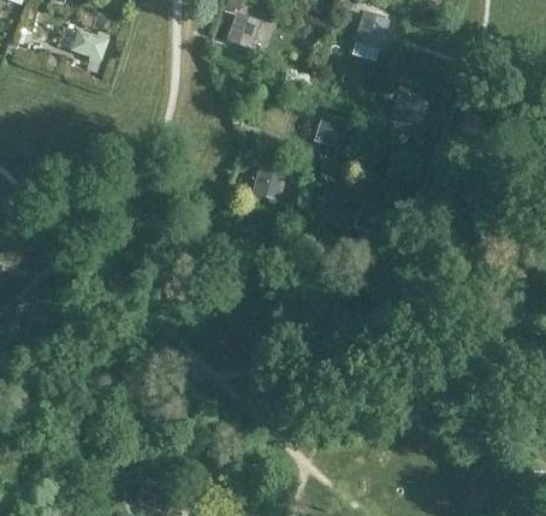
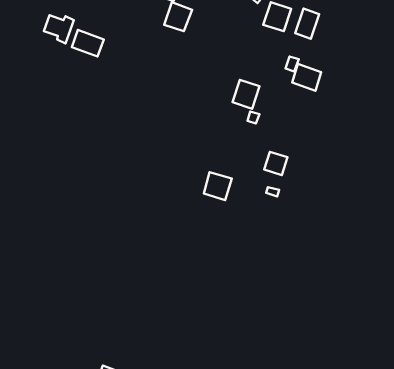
building: none -> [295,8,319,39]
building: none -> [72,30,104,57]
building: [251,166,287,202] -> [204,172,232,200]

